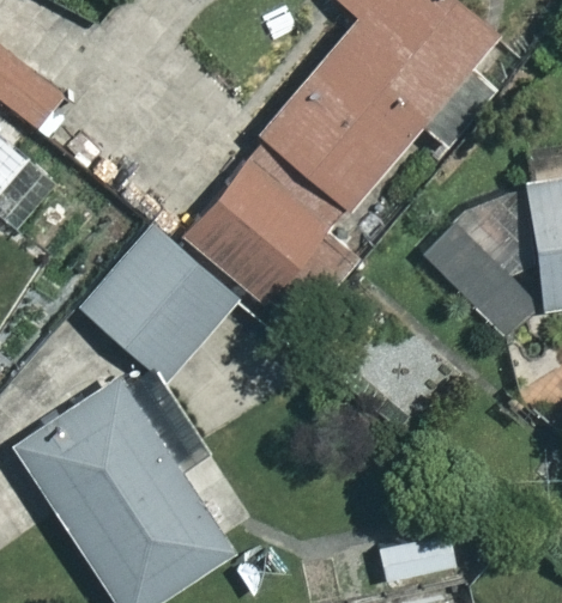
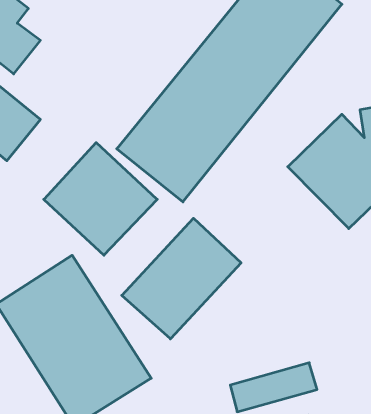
building: none -> [122,218,241,339]

